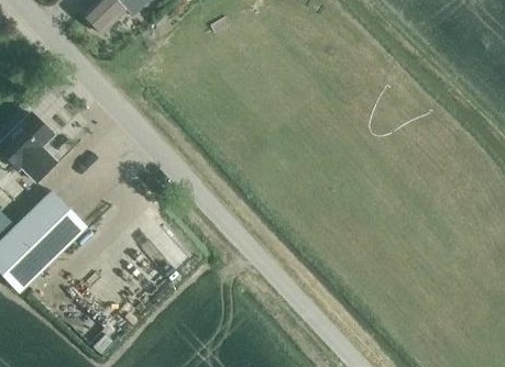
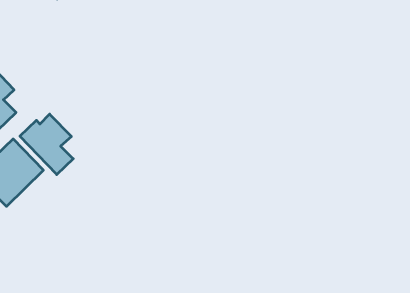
building: none -> [20,114,73,175]

